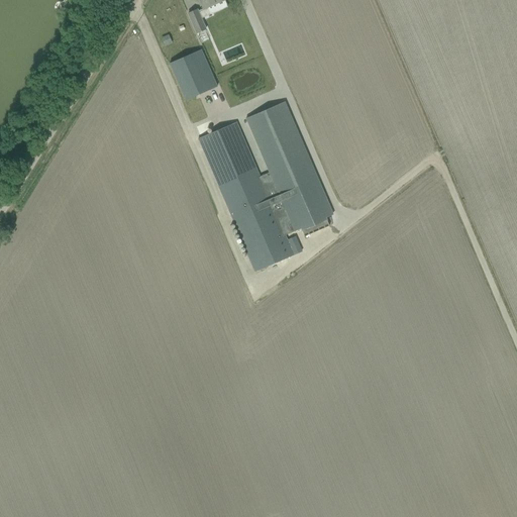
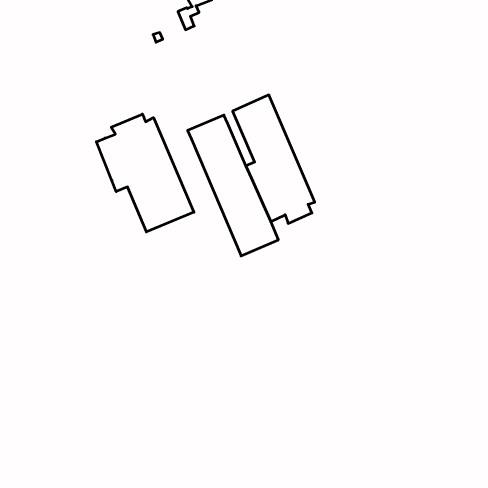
building: [170,47,218,99] -> none
building: none -> [96,114,194,232]

